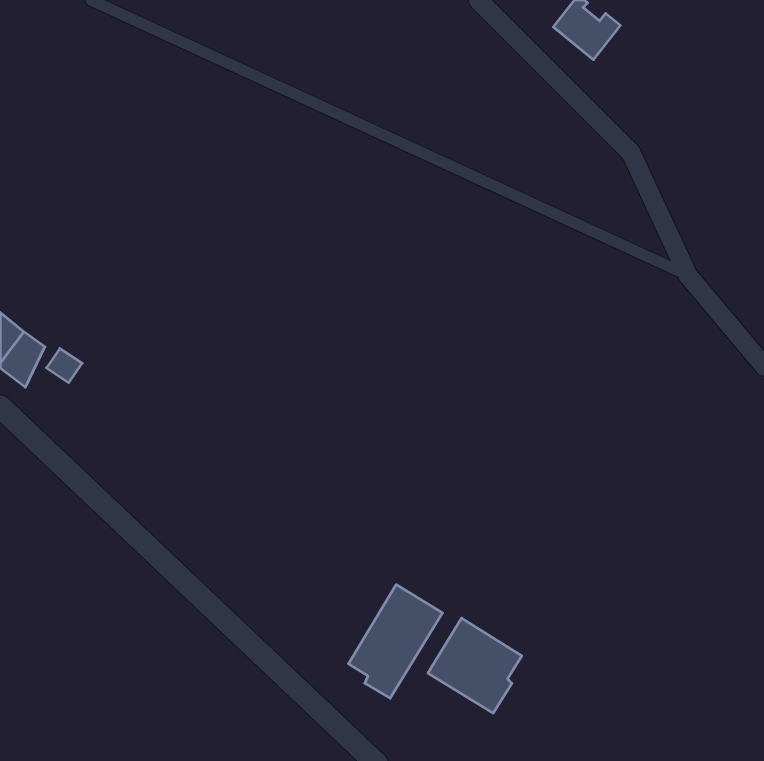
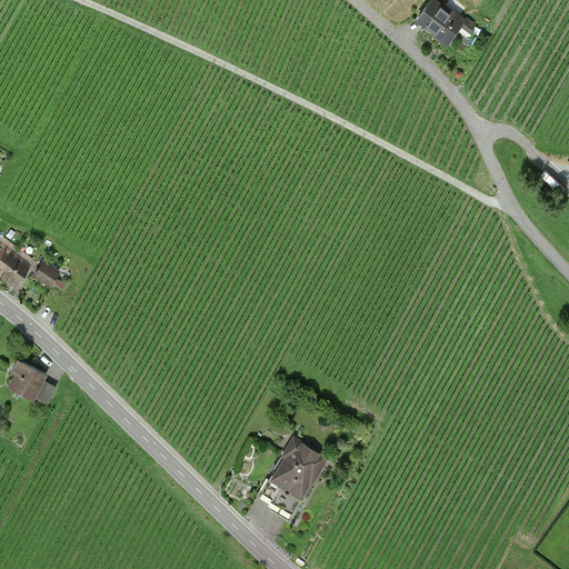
building: none -> [9,358,58,403]
building: [428,618,522,713] -> none

